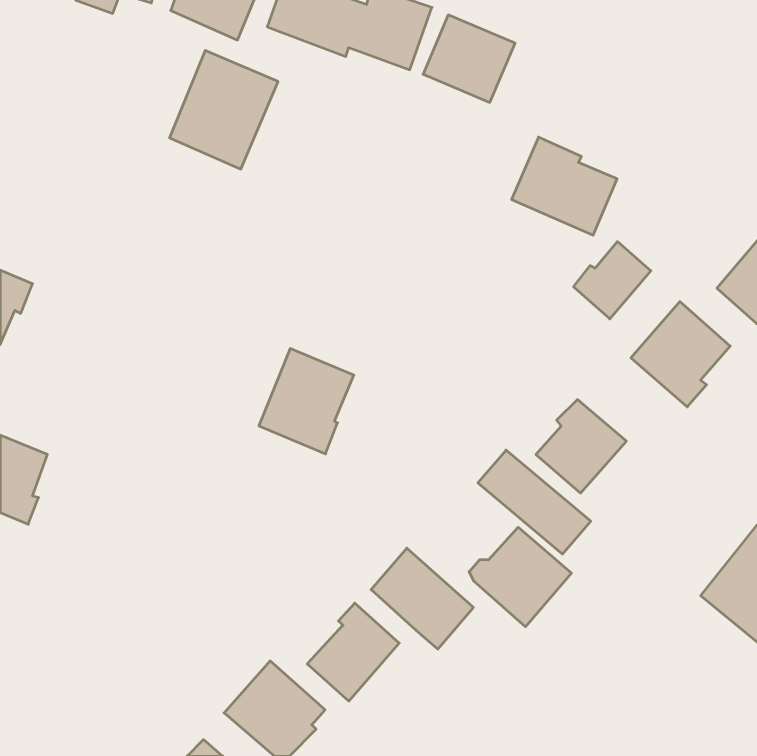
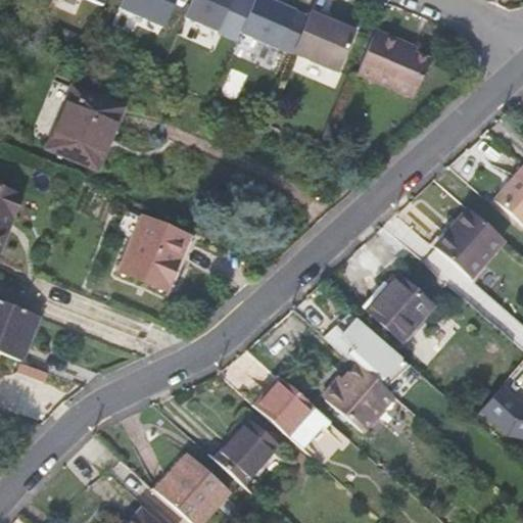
building: [170,50,278,169] -> [48,86,123,168]
building: [512,137,617,235] -> [358,29,430,96]
building: [574,242,651,319] -> none
building: [259,349,354,454] -> [121,217,186,289]

